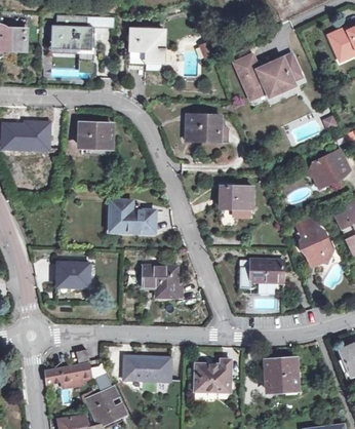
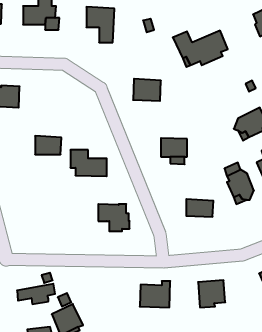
building: [79,123,111,146] -> [35,136,61,154]
building: [56,263,89,286] -> none
building: [123,355,170,381] -> none

